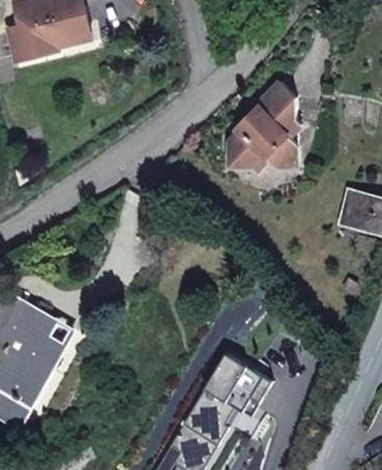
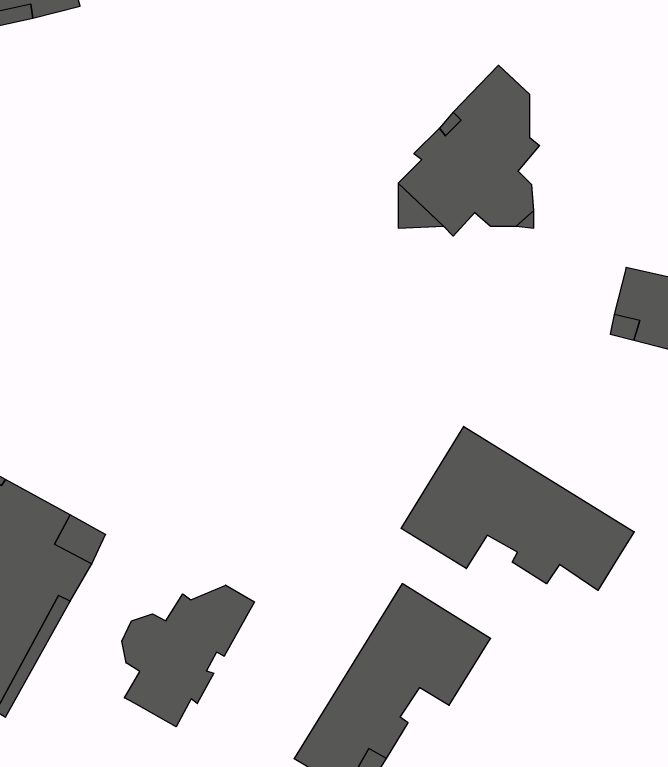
building: none -> [401,426,634,590]
building: none -> [122,585,255,727]

